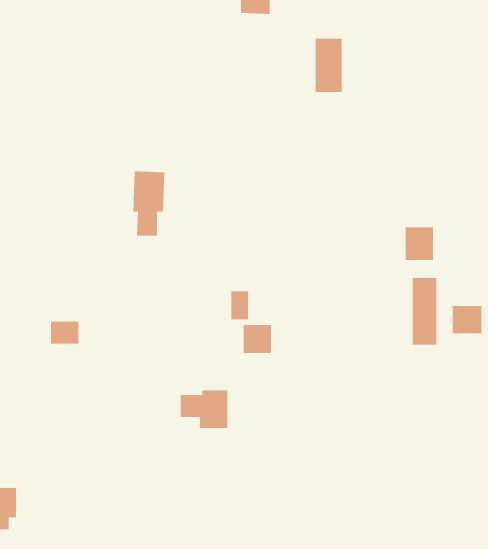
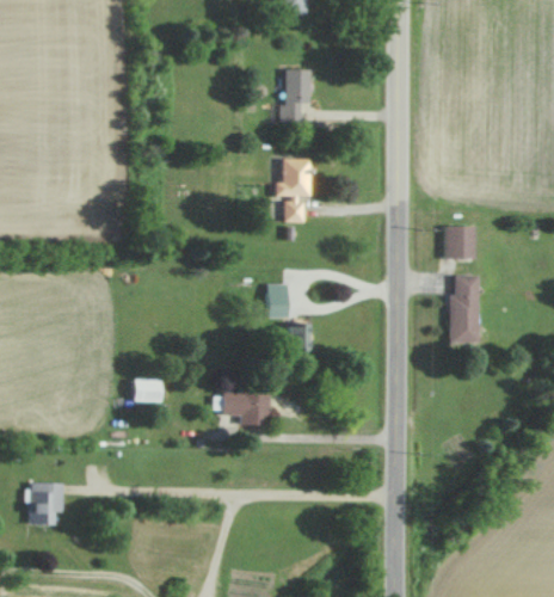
building: [315,38,343,92] -> [283,69,310,123]
building: [132,171,165,236] -> [279,158,312,222]
building: [452,305,482,334] -> none
building: [50,321,79,344] -> [130,380,159,402]

